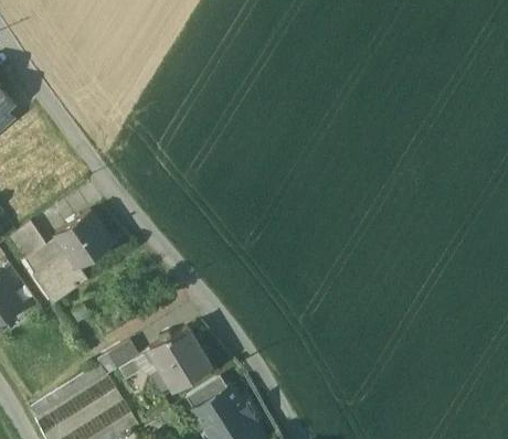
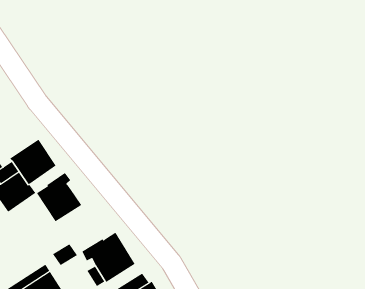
building: none -> [36,172,82,222]

